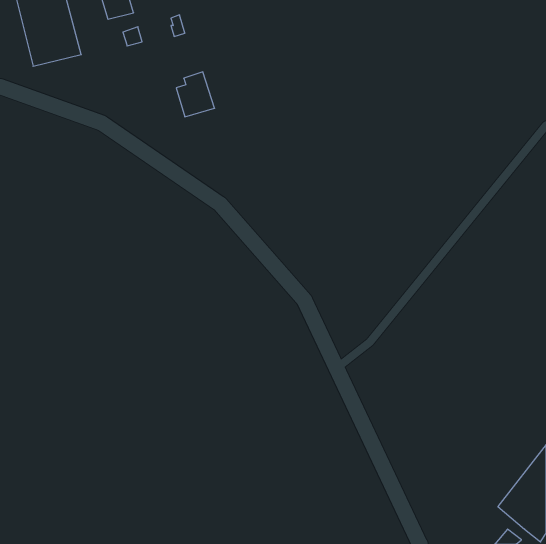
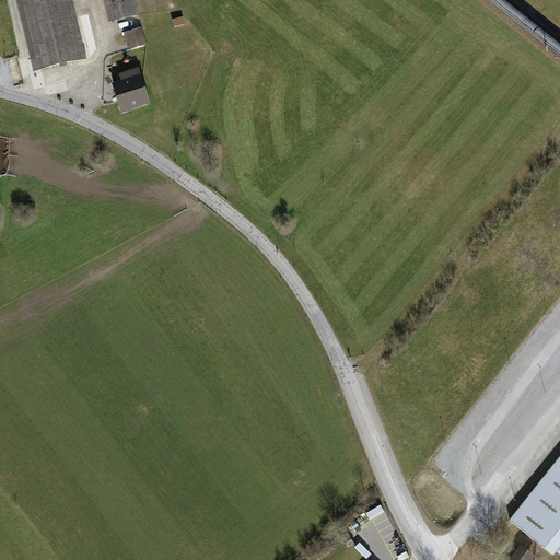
building: [176,72,215,117] -> [112,67,151,113]

